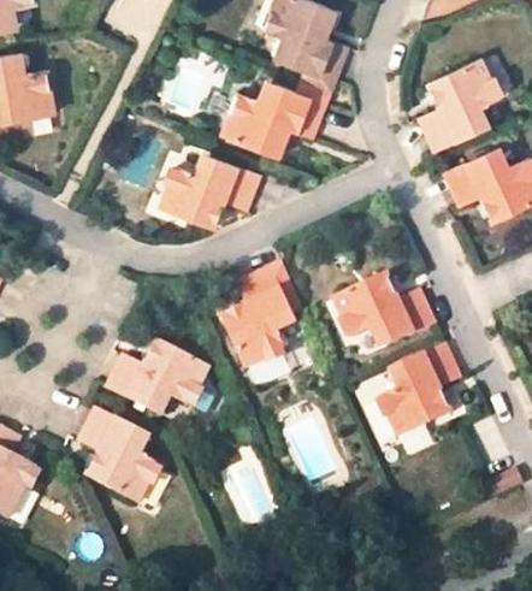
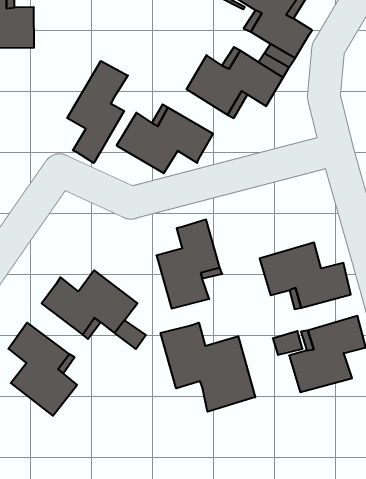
building: none -> [67,61,128,163]
building: none -> [161,323,255,412]

